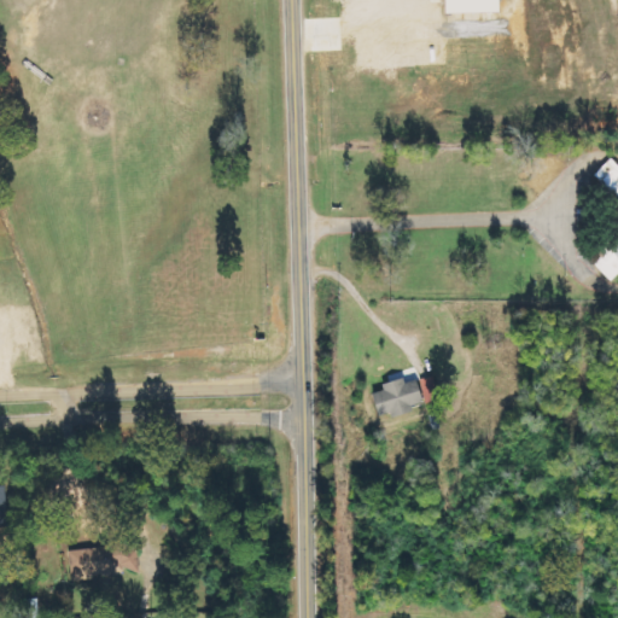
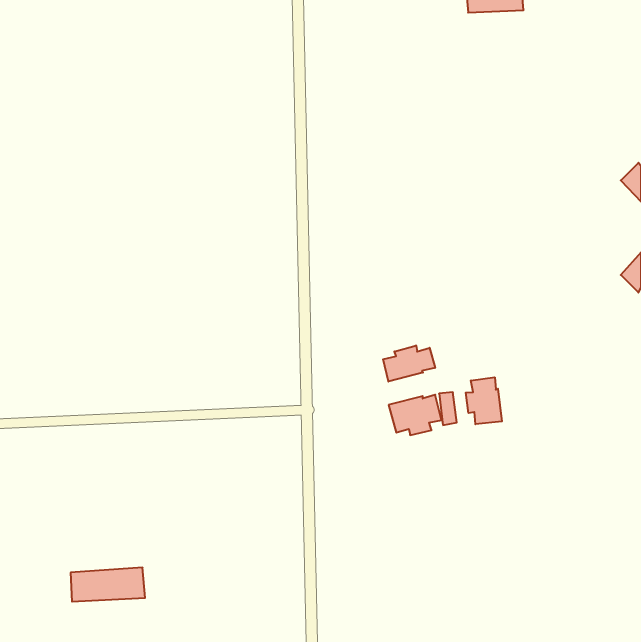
building: none -> [383,345,435,382]
building: none -> [466,377,502,424]

